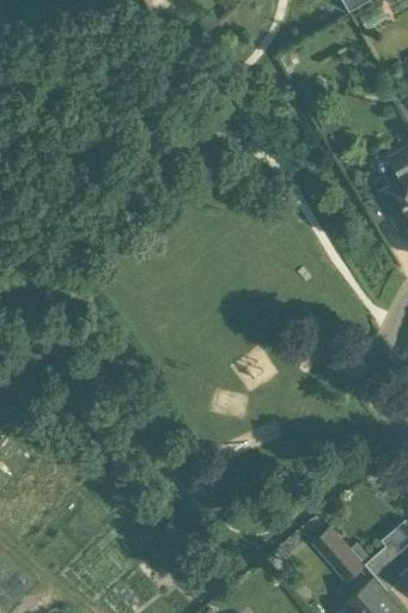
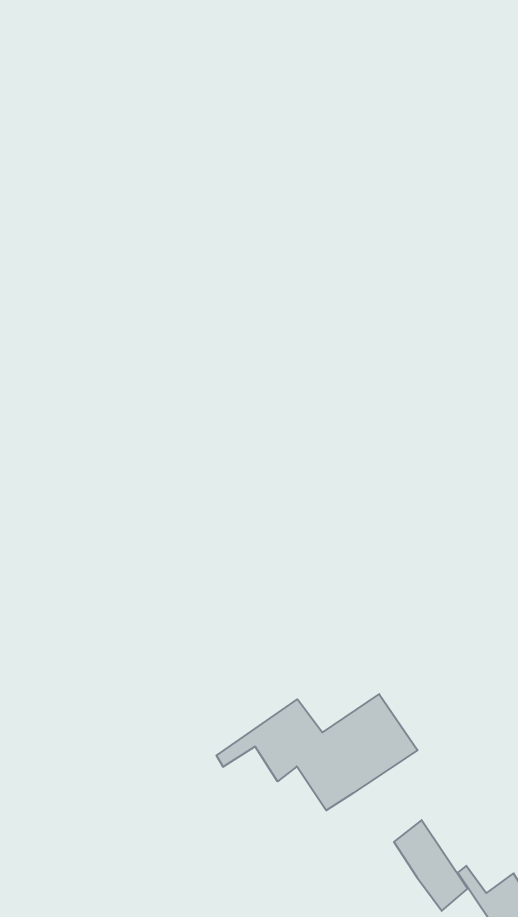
building: none -> [216,694,418,810]

